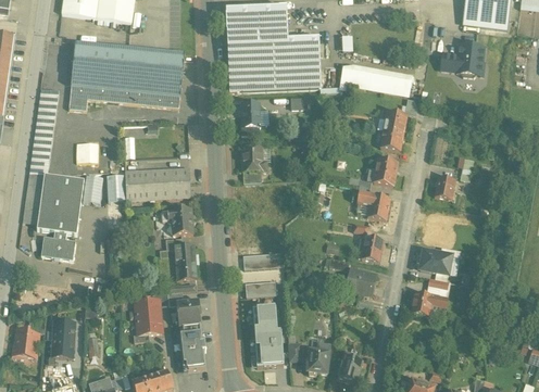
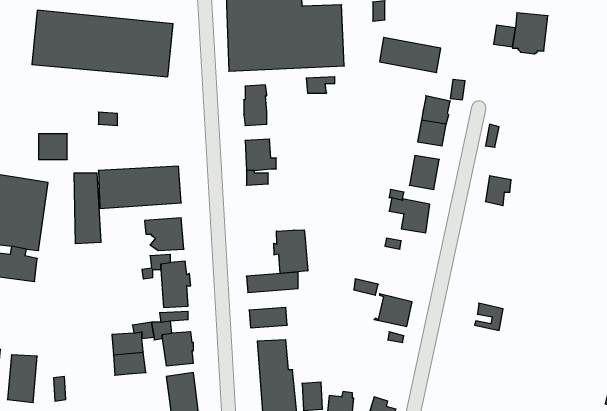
building: [70,86,180,111] -> none
building: none -> [274,230,308,274]
building: [359,236,383,262] -> none
building: [417,249,454,277] -> none
building: [412,292,448,316] -> none

